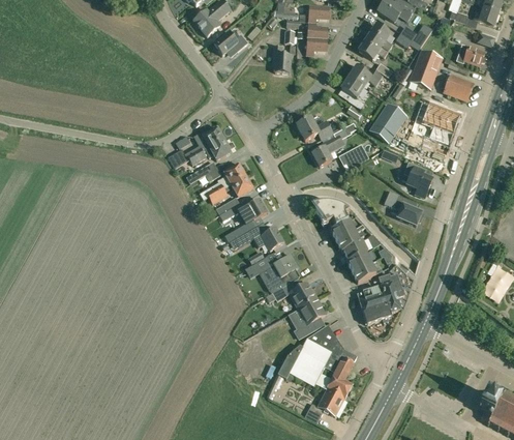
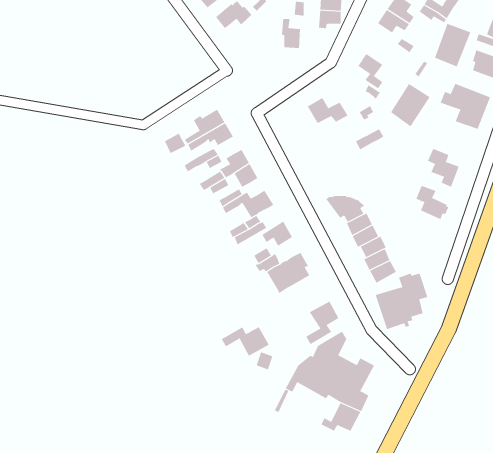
building: [349,65,383,87] -> none
building: [312,135,342,167] -> none
building: [273,282,316,309] -> [221,326,269,357]

